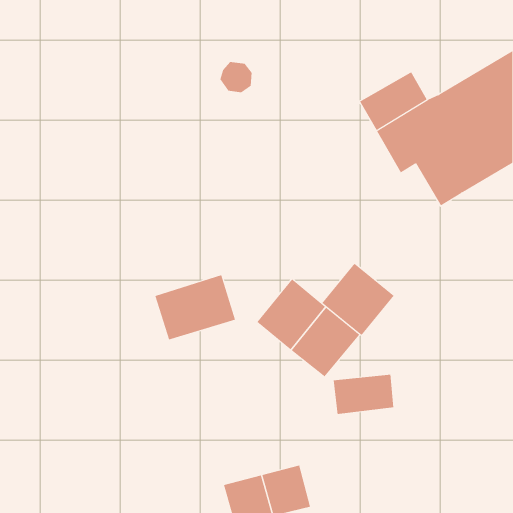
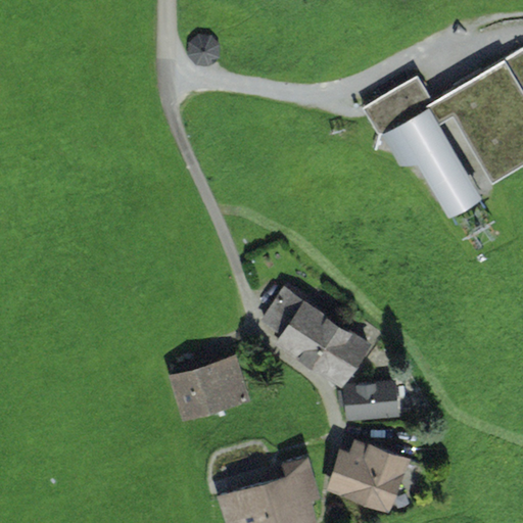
building: [219,62,253,93] -> [186,34,220,65]
building: [321,263,395,336] -> none
building: [154,275,236,340] -> [171,354,253,421]
building: none -> [335,438,416,513]

